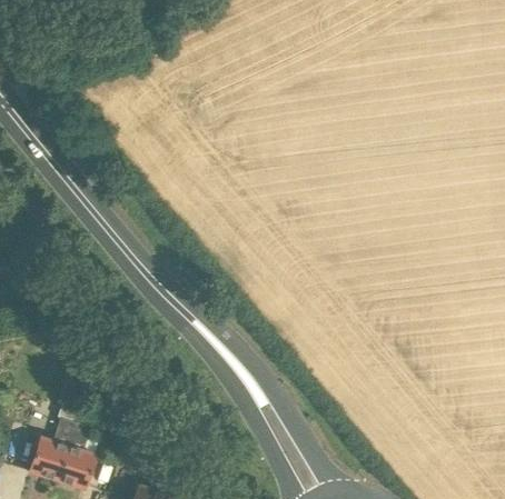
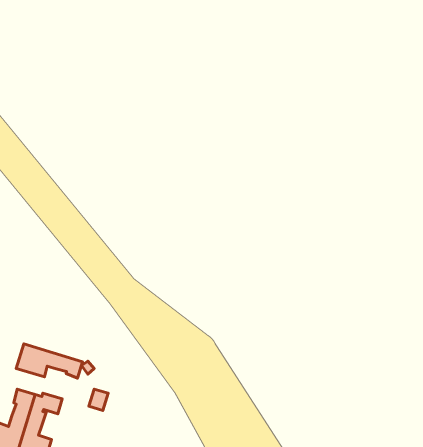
building: none -> [16,344,83,378]

